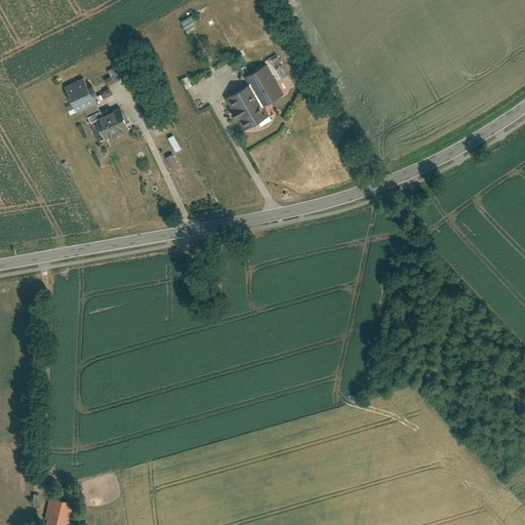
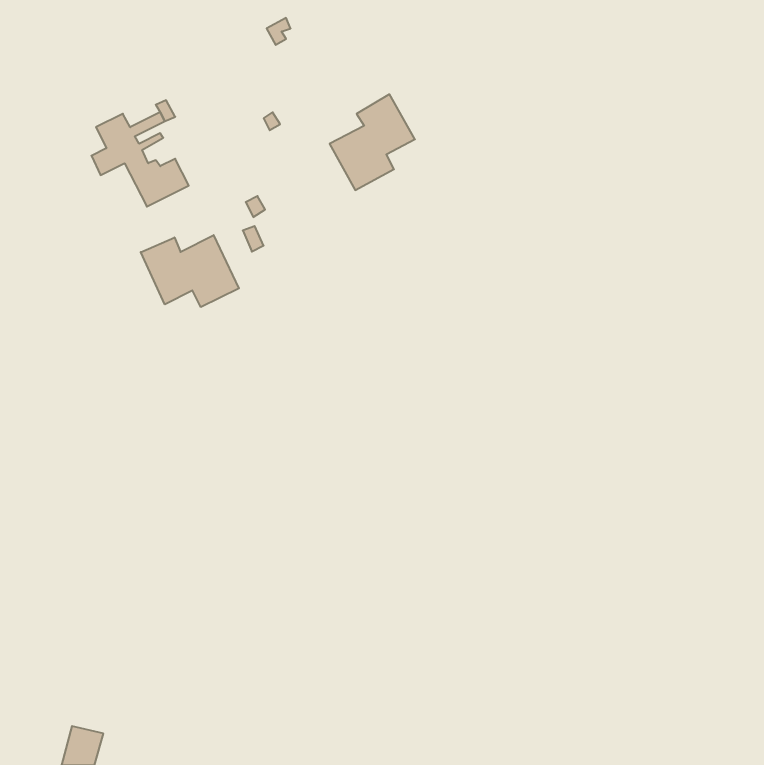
building: none -> [141,235,239,307]

